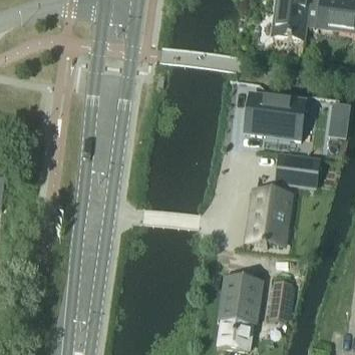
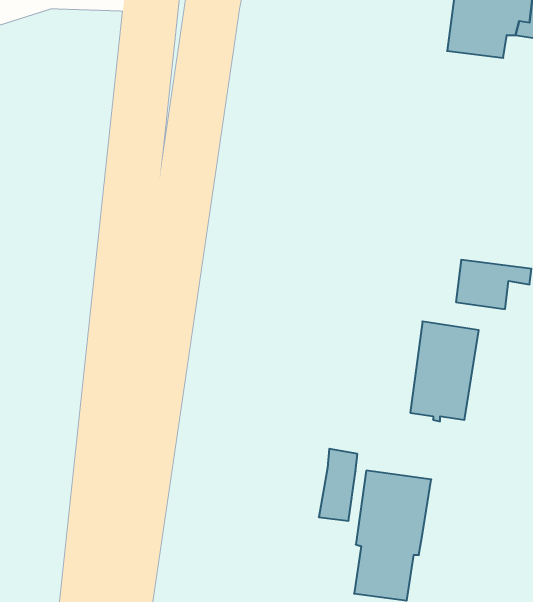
building: [248,91,306,139] -> none
building: [270,279,292,320] -> [319,449,357,521]

